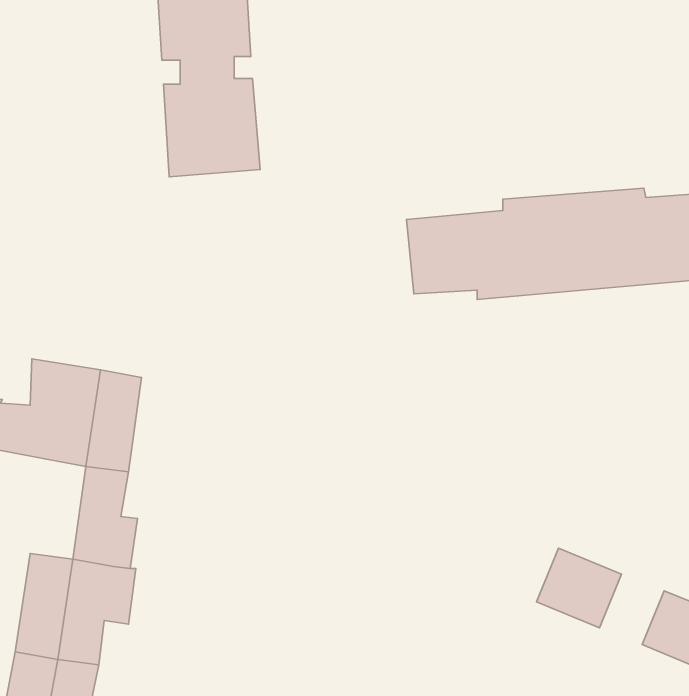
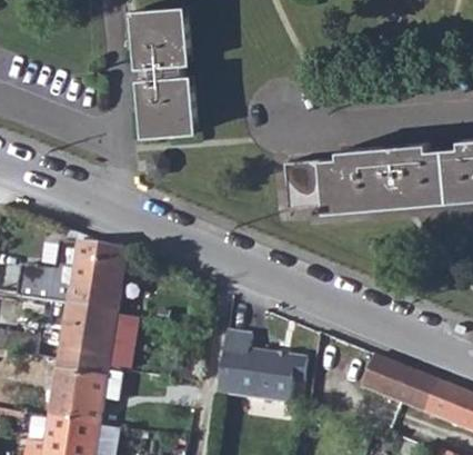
building: none -> [57,305,90,365]
building: none -> [219,334,306,405]
building: none -> [397,374,436,416]

